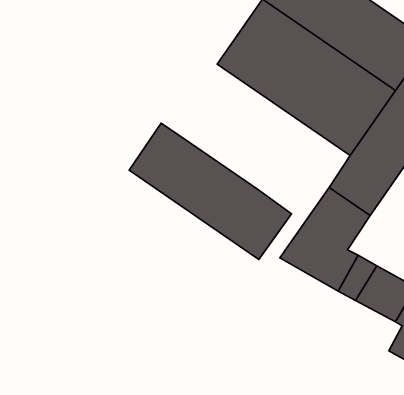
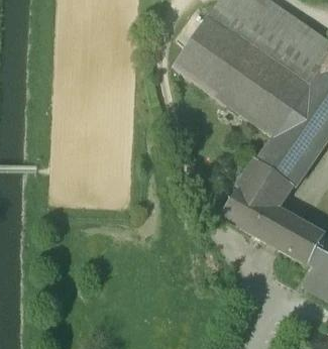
building: [129,123,291,260] -> none

